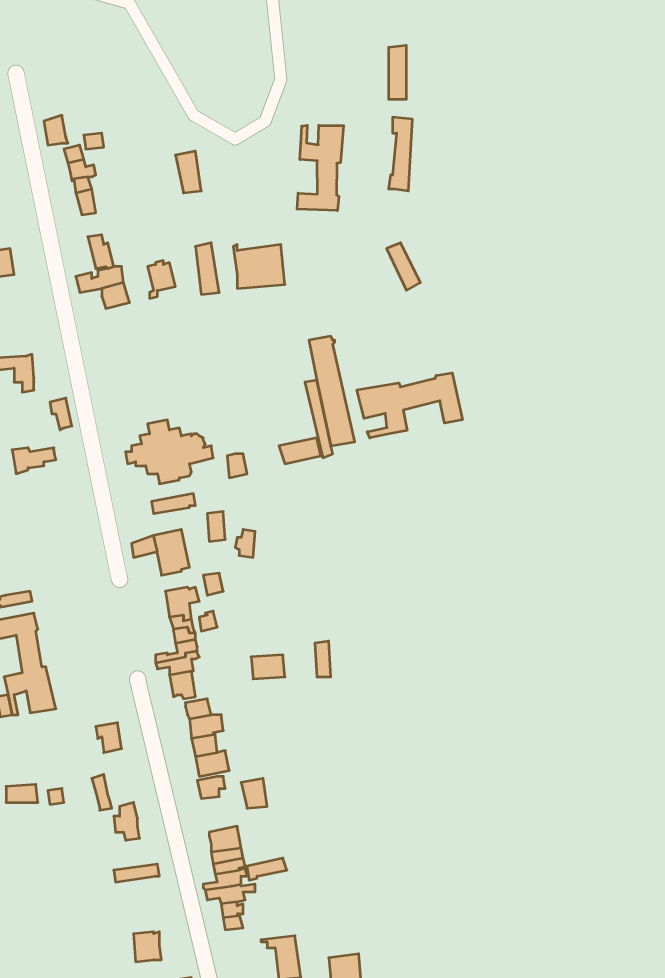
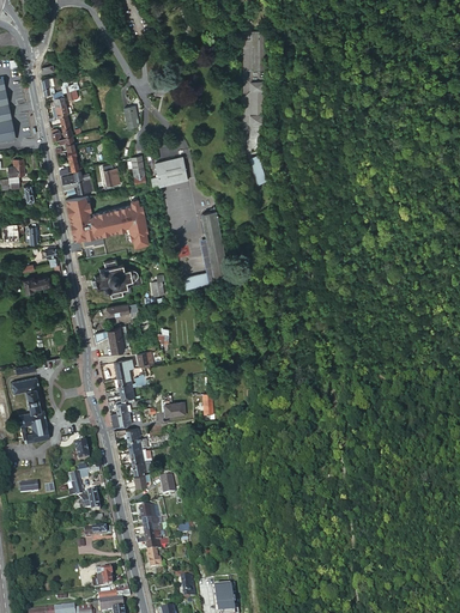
building: [297,125,344,211] -> none
building: none -> [65,196,149,255]
building: [357,373,462,438] -> none

